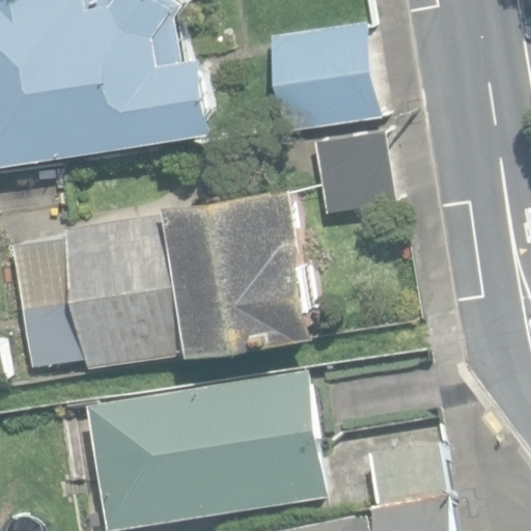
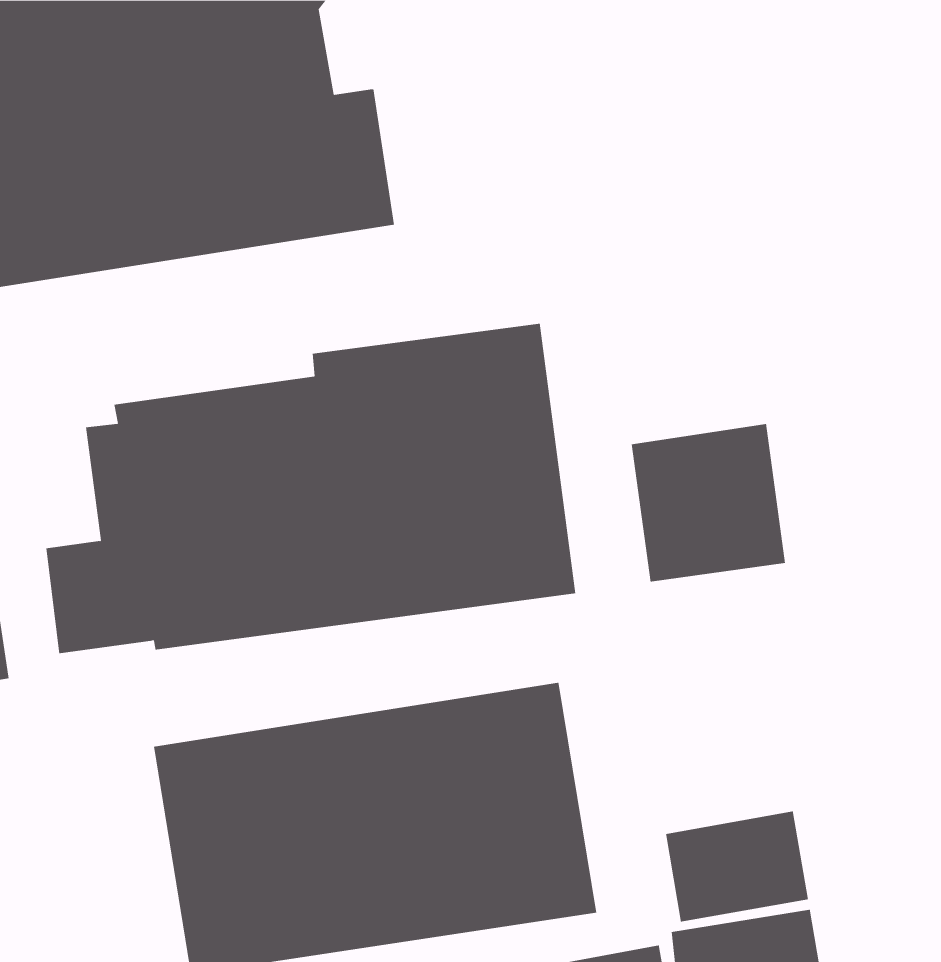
building: [268,19,380,134] -> none
building: [310,124,395,212] -> [631,423,786,582]

